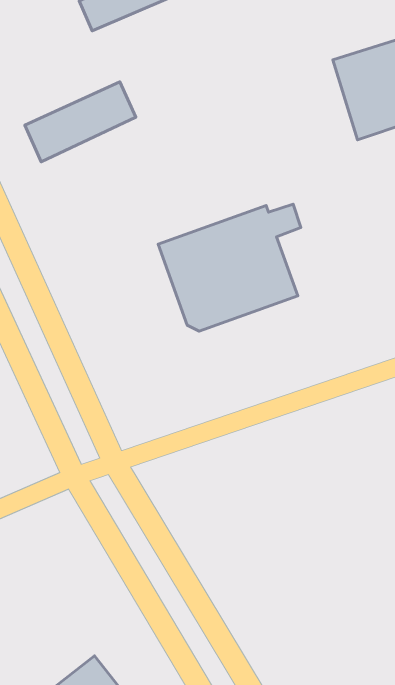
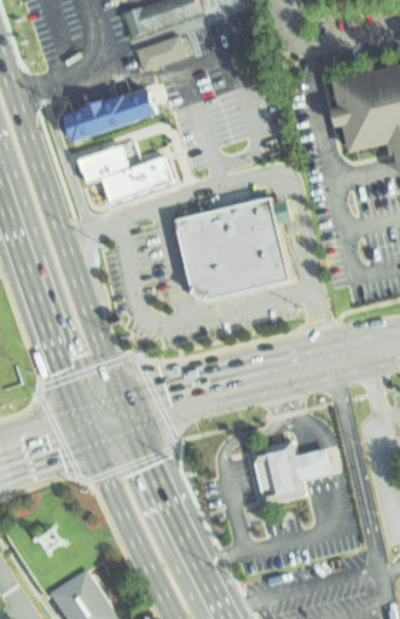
building: none -> [134,33,189,70]
building: none -> [74,143,167,198]
building: none -> [247,438,337,501]

